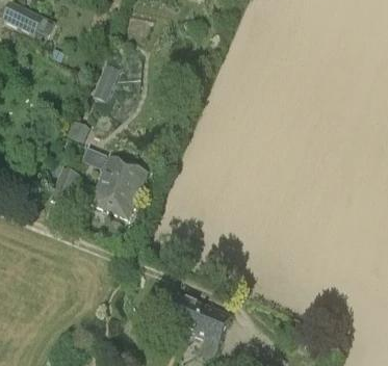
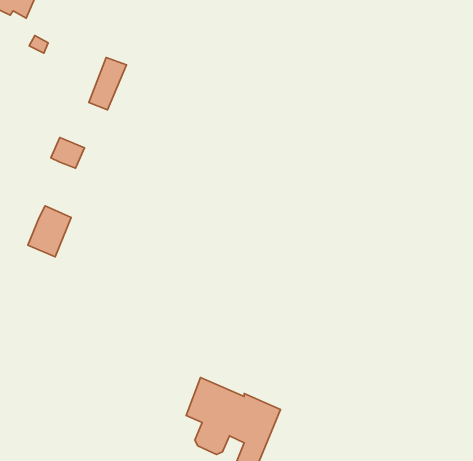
building: [90,156,147,217] -> none

